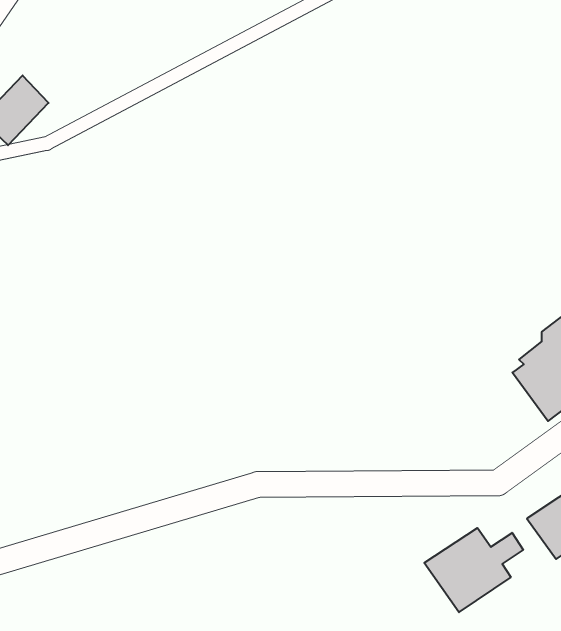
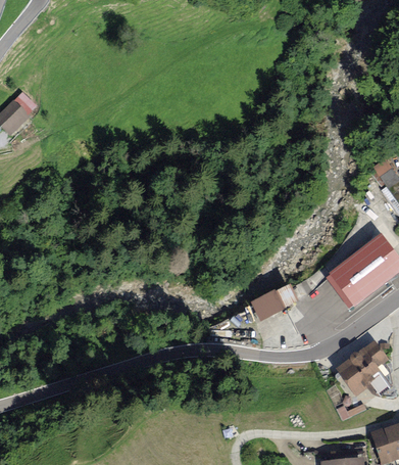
building: none -> [249,288,283,319]
building: [424,528,523,612] -> none

